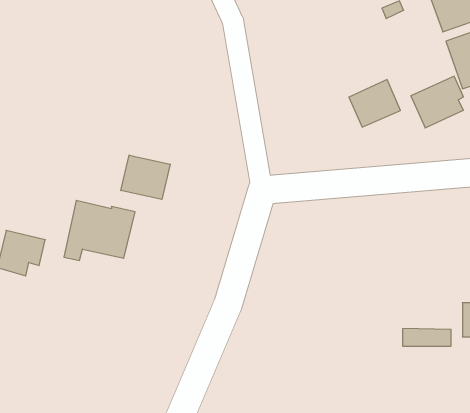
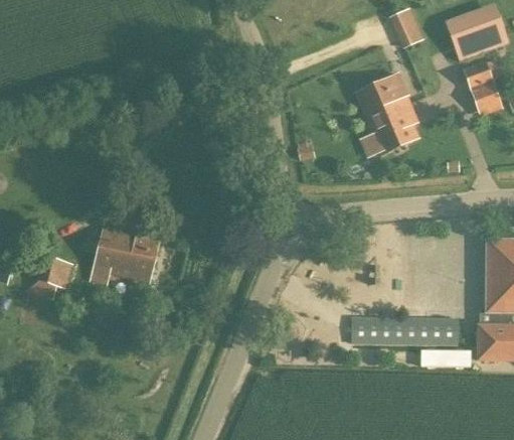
building: [411,76,463,128] -> [354,75,405,125]
building: [121,155,170,199] -> none
building: none -> [351,318,458,345]

